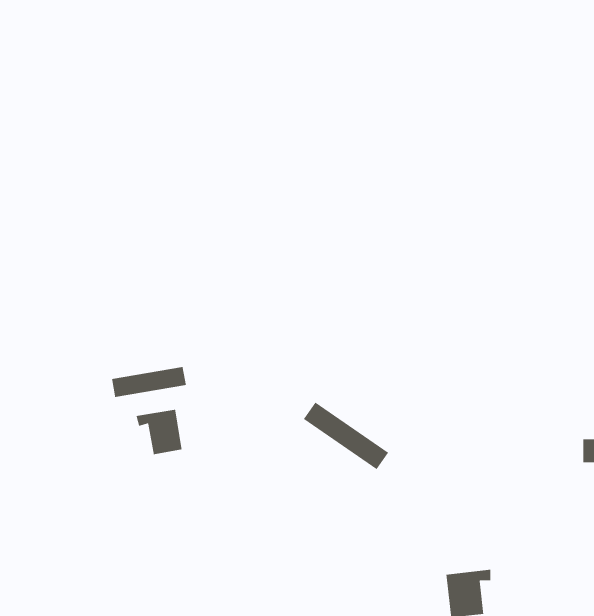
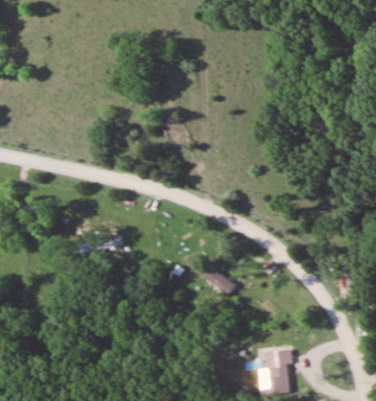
building: [135,409,183,455] -> none

